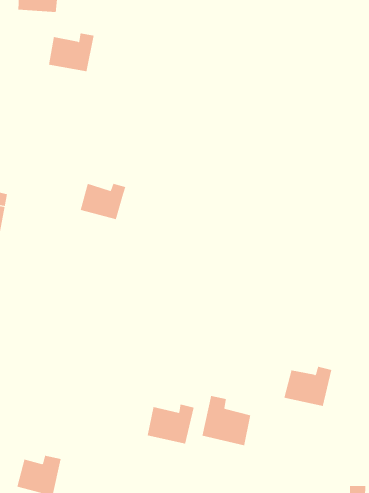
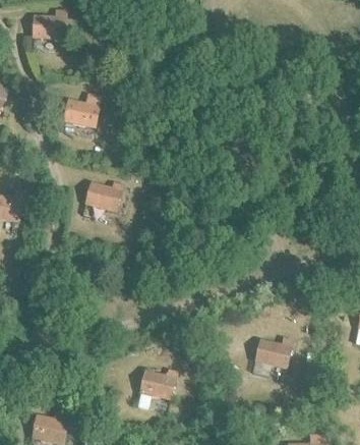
building: [48,33,94,72] -> [64,97,103,129]
building: [202,395,251,446] -> none

